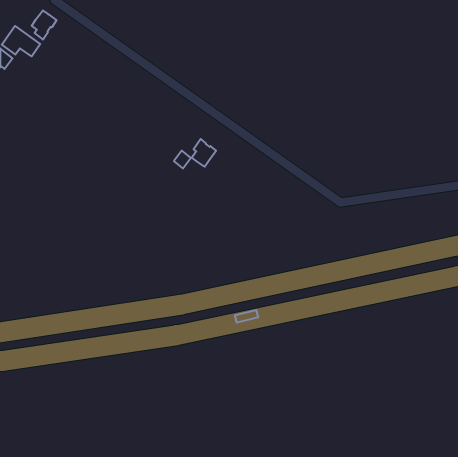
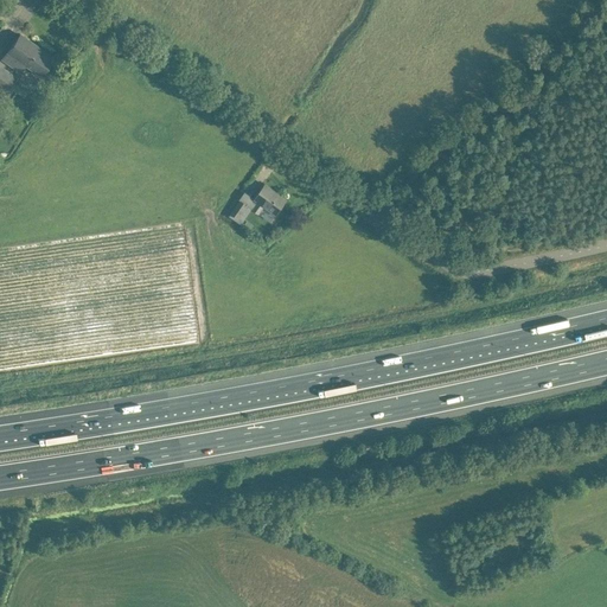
building: [32,10,56,40] -> none

